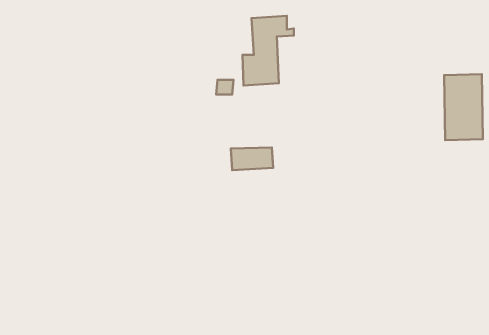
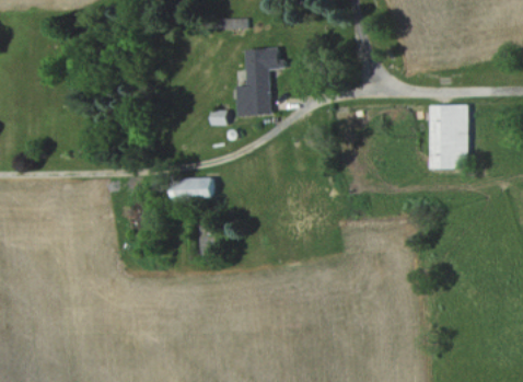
building: [231,147,273,170] -> [173,177,213,199]

